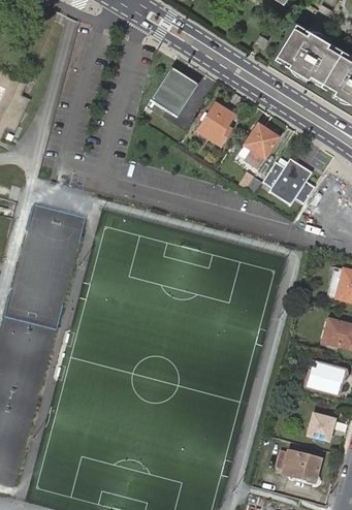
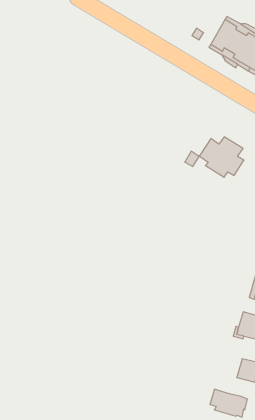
building: [151,67,198,117] -> none
building: [197,102,234,145] -> none
building: [245,123,278,168] -> none

